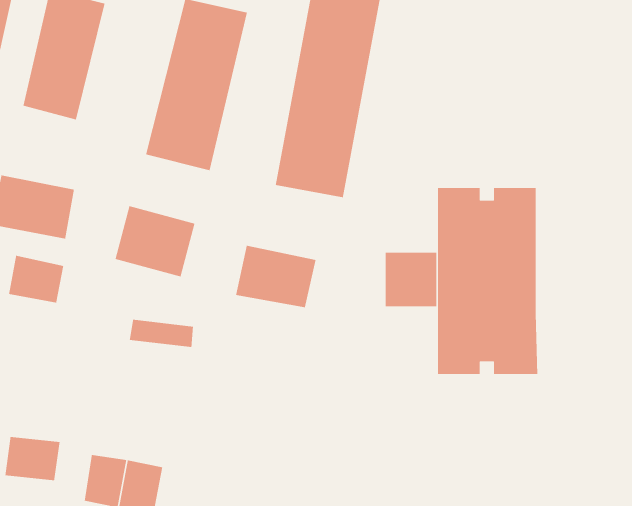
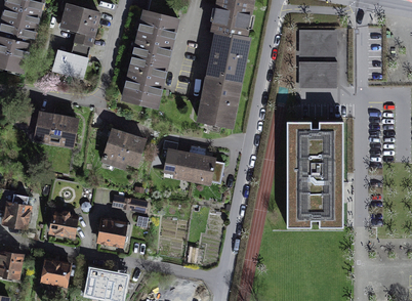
building: none -> [298,27,336,85]
building: [385,252,437,307] -> none
building: [8,255,64,303] -> [47,208,79,235]
building: none -> [96,216,130,246]

